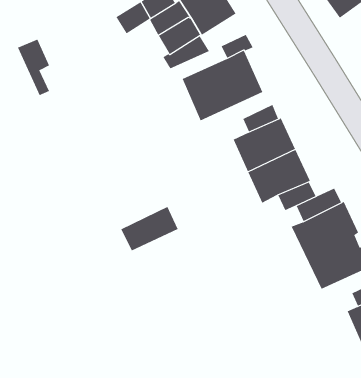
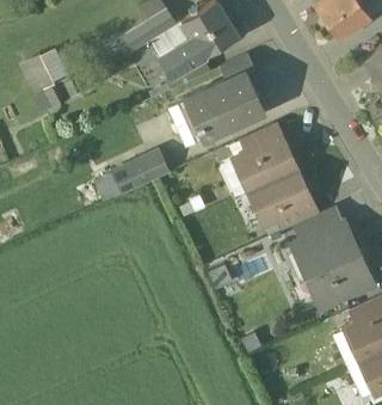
building: [120,206,179,251] -> [112,148,170,192]

